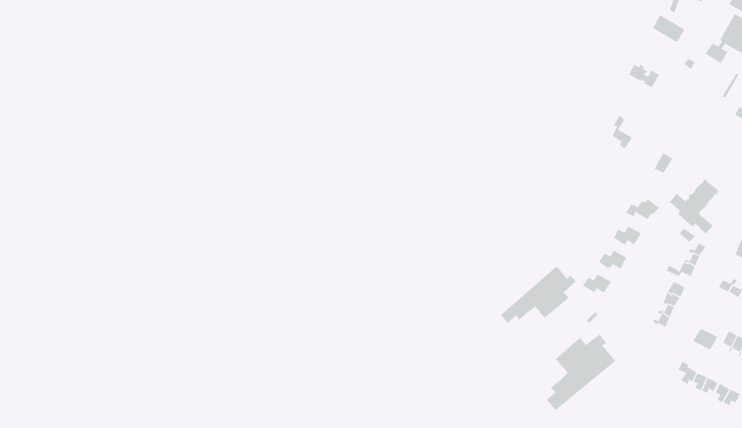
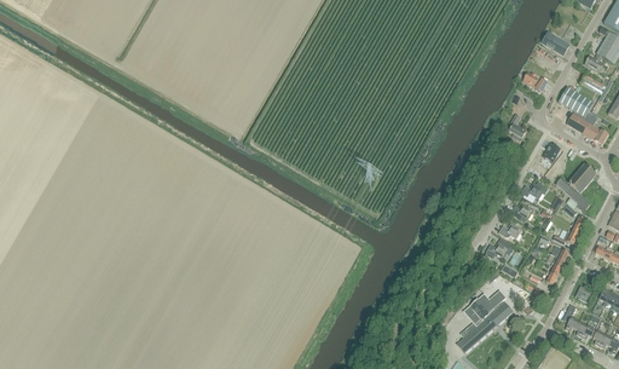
building: none -> [559,86,608,144]
building: [500,265,576,324] -> none

